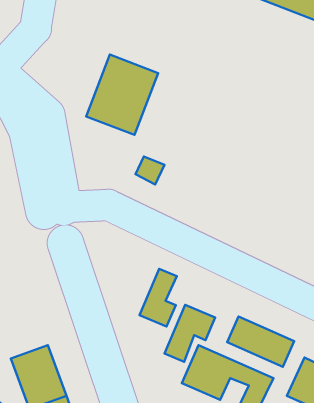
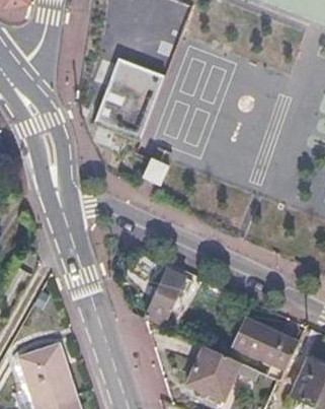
building: [165,305,215,362] -> none

